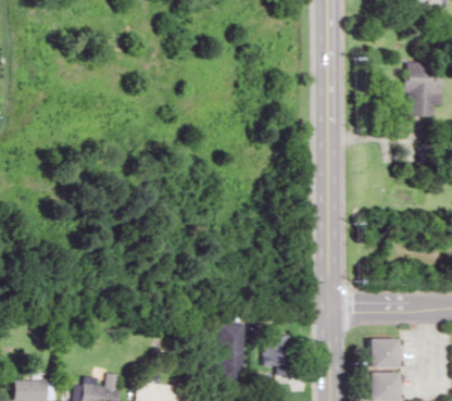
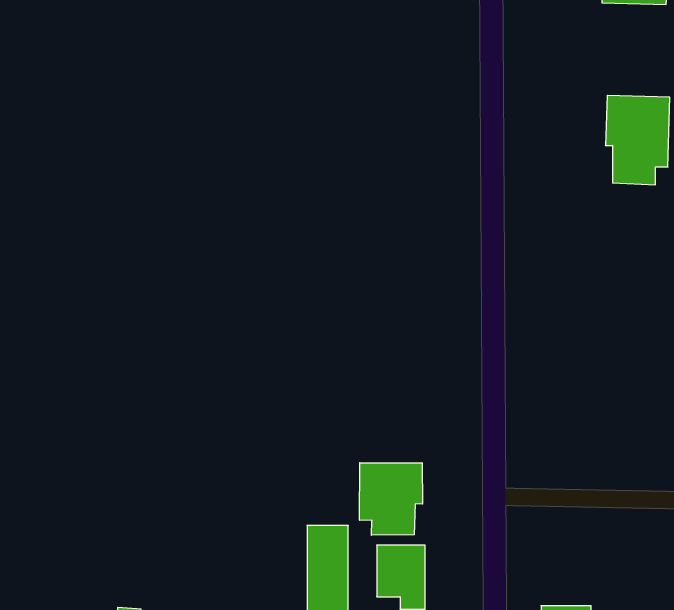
building: none -> [360,463,422,535]
building: [367,339,398,367] -> none

